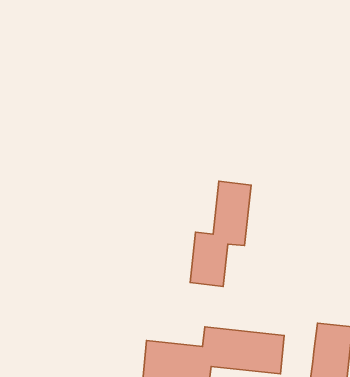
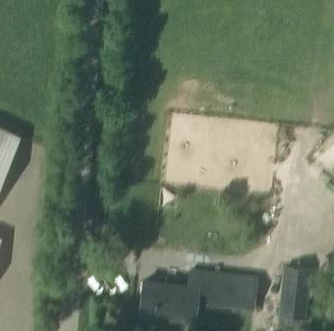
building: [190,181,251,287] -> none

